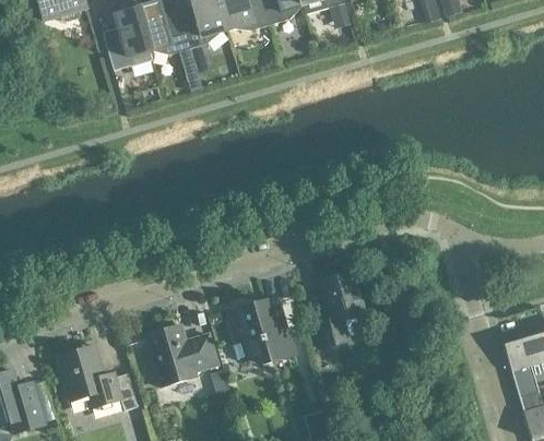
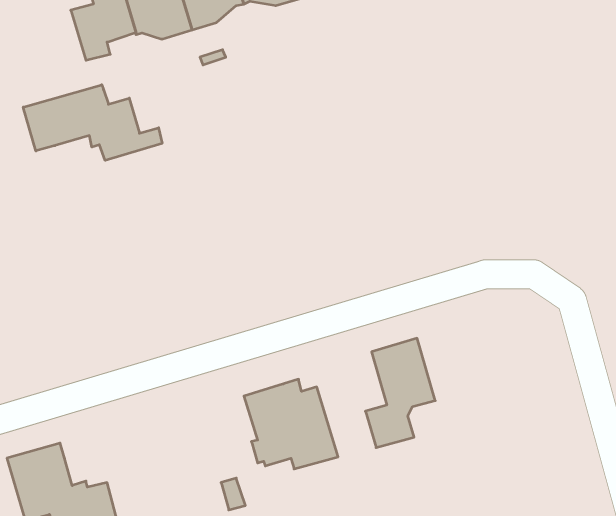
building: none -> [23,85,162,160]
building: [146,323,220,385] -> none

